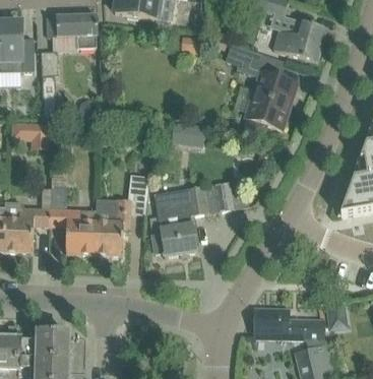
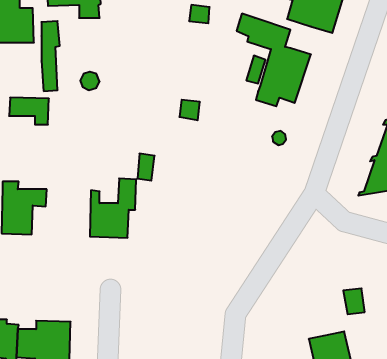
building: [149,184,221,256] -> none
building: [46,187,88,254] -> none
building: [254,308,324,348] -> none

